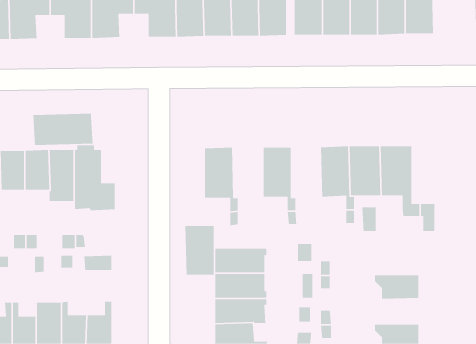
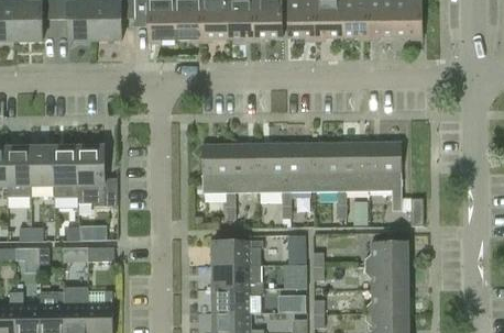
building: [33,113,93,146] -> none
building: none -> [285,144,314,192]
building: [185,225,214,276] -> [229,144,258,192]
building: none -> [364,242,407,266]
building: none -> [364,289,407,313]

